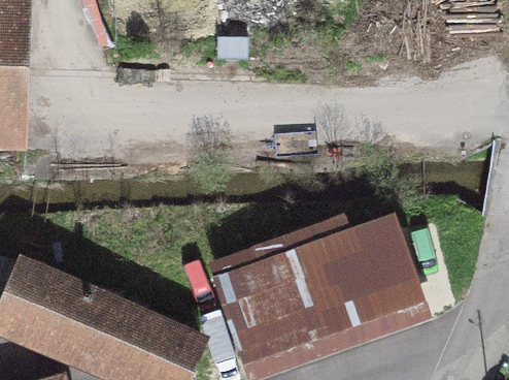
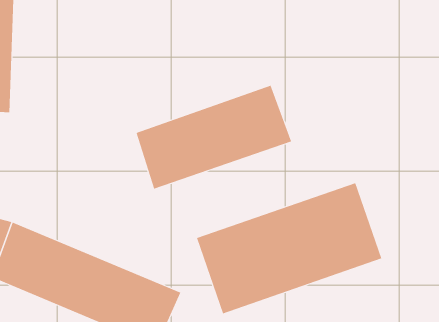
building: none -> [136,85,292,190]

